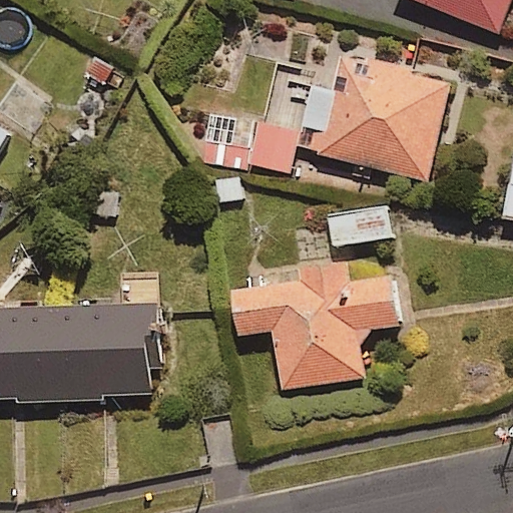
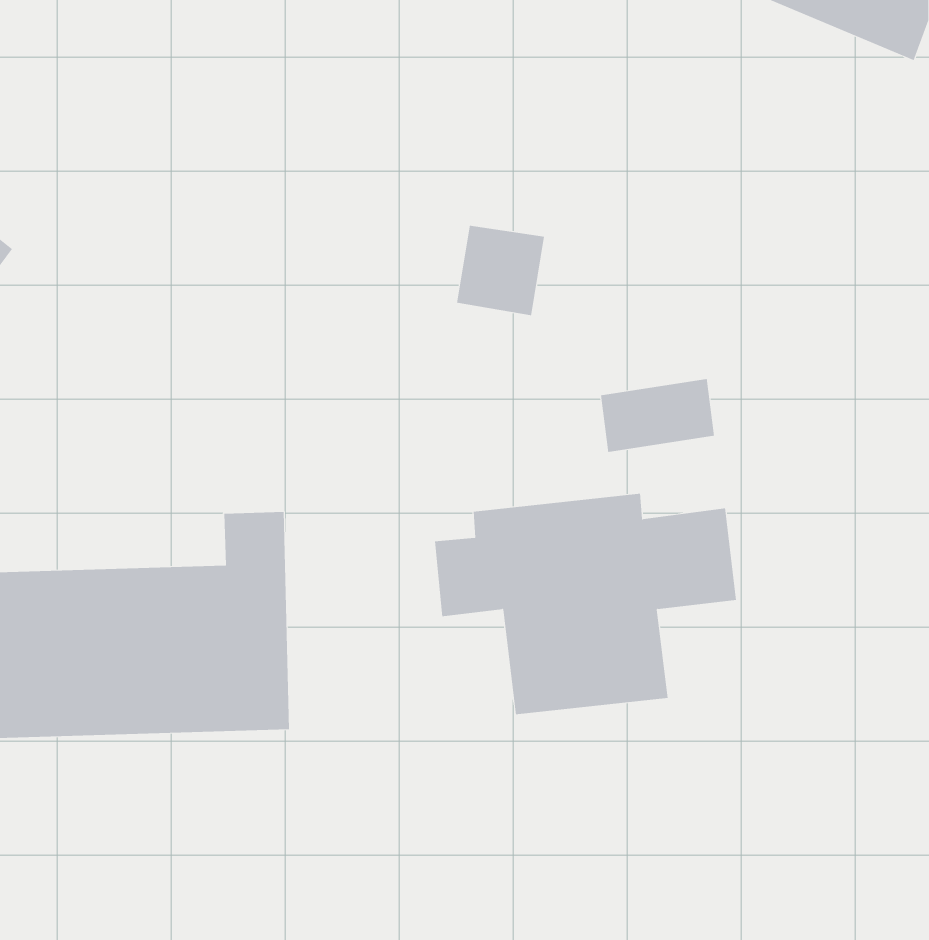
building: [297,53,451,179] -> none

